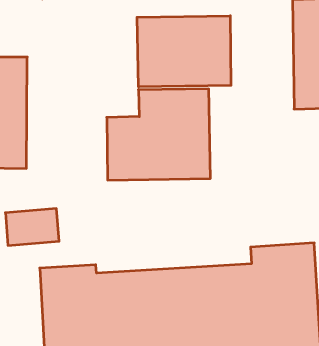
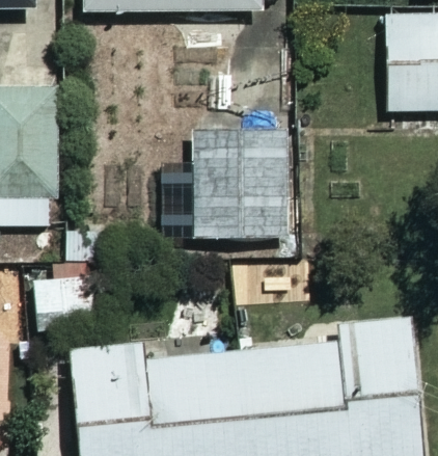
building: [137,16,231,87] -> none

